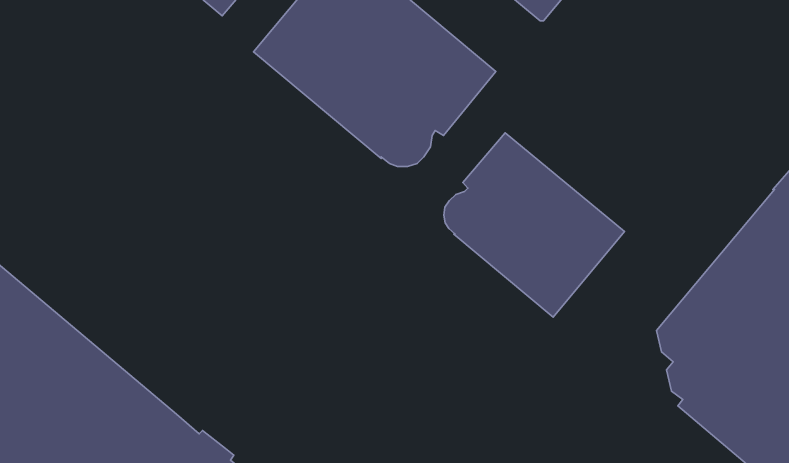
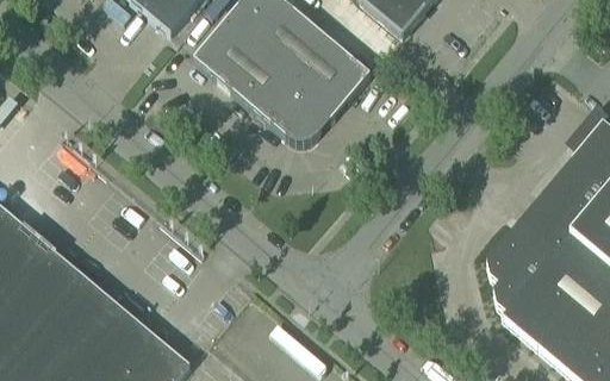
building: [444,133,625,317] -> none

